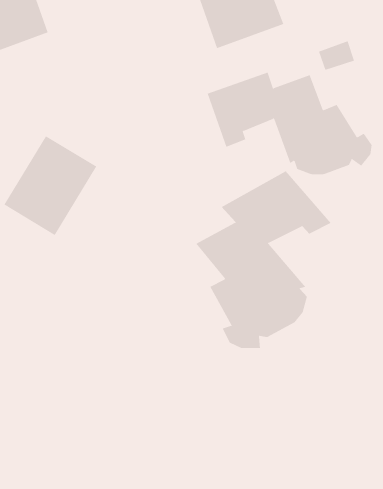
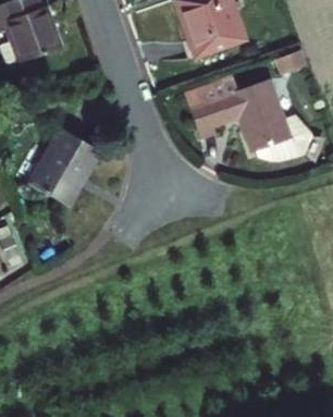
building: [195,171,332,349] -> none

